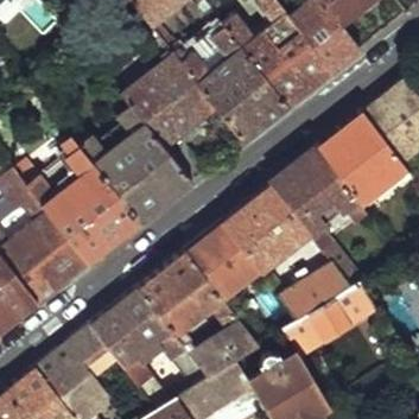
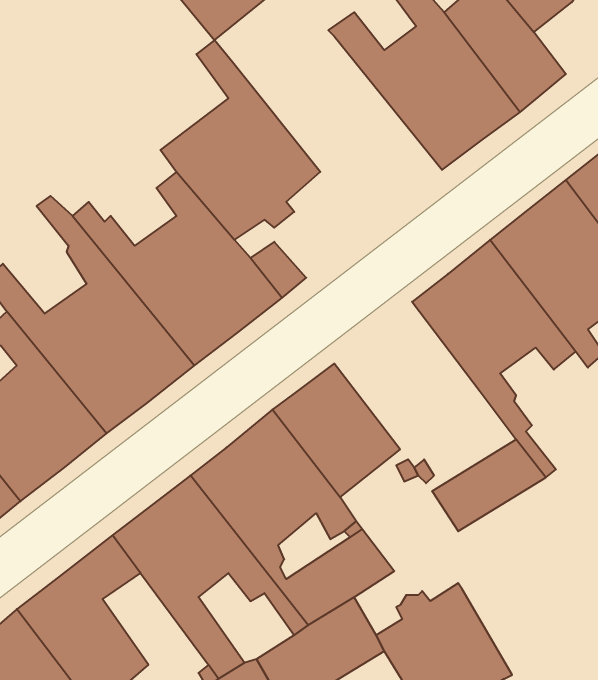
building: [163,27,287,142] -> none
building: [223,185,310,275] -> none
building: [284,285,372,356] -> none

